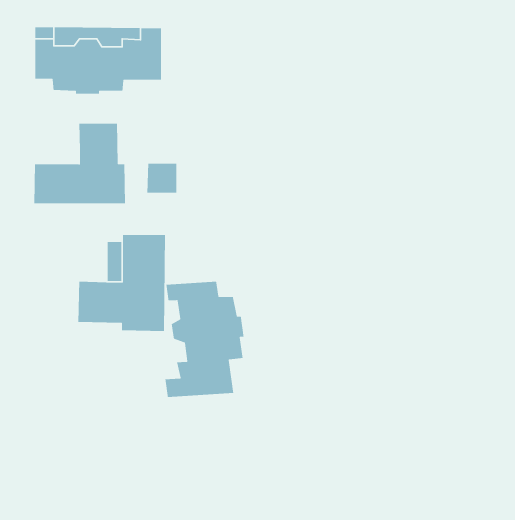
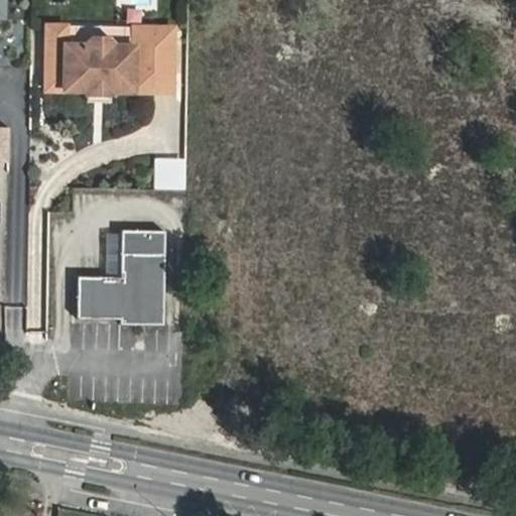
building: [34,123,126,204] -> none
building: [164,281,244,398] -> none

